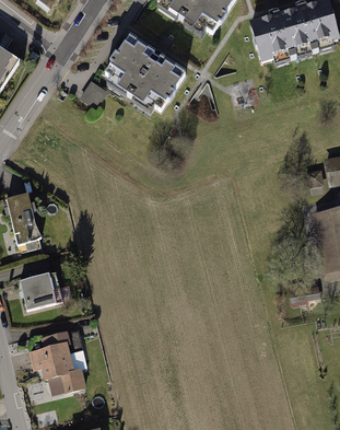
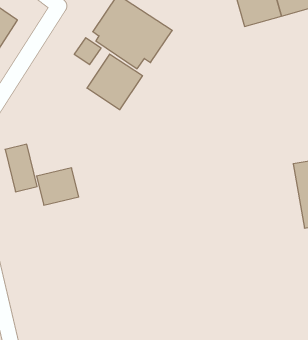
building: none -> [87,54,142,110]
building: [19,270,63,310] -> [36,168,79,205]
building: [26,329,84,391] -> none

